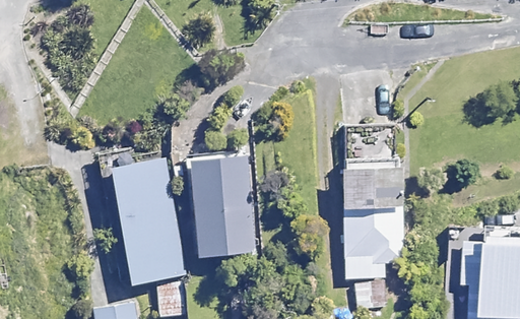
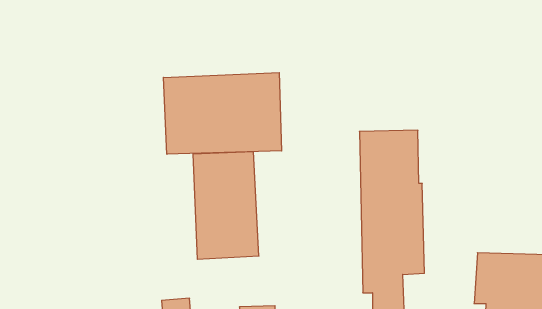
building: none -> [163,73,282,154]
building: [104,156,185,277] -> none

